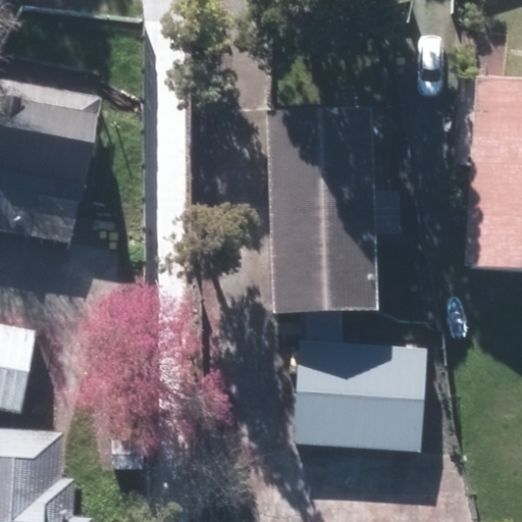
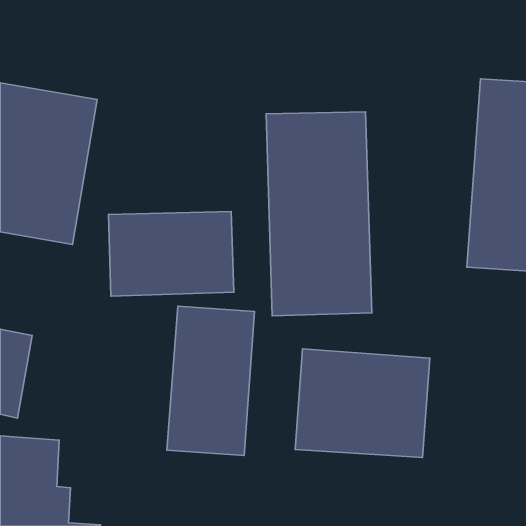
building: none -> [108,212,234,296]
building: none -> [167,306,255,456]

